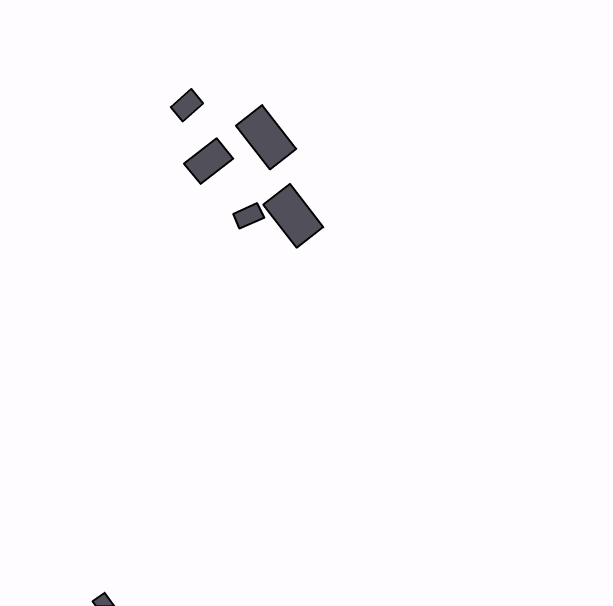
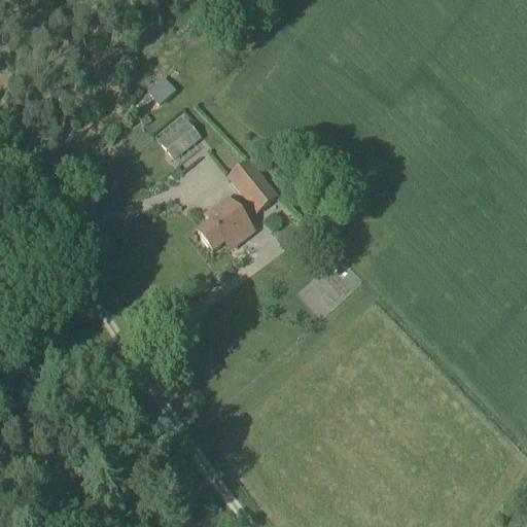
building: [236,105,296,169] -> none
building: none -> [198,194,254,248]

